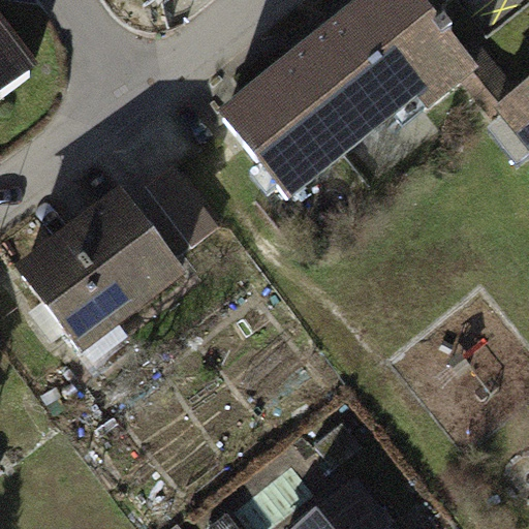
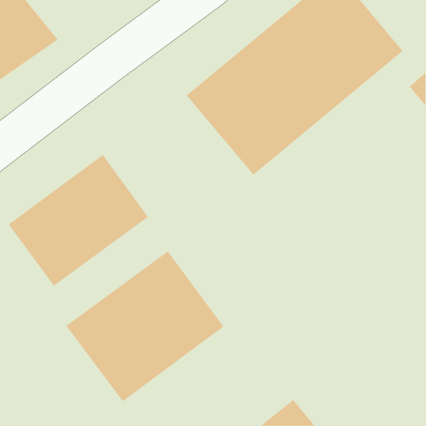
building: none -> [66,250,224,402]

